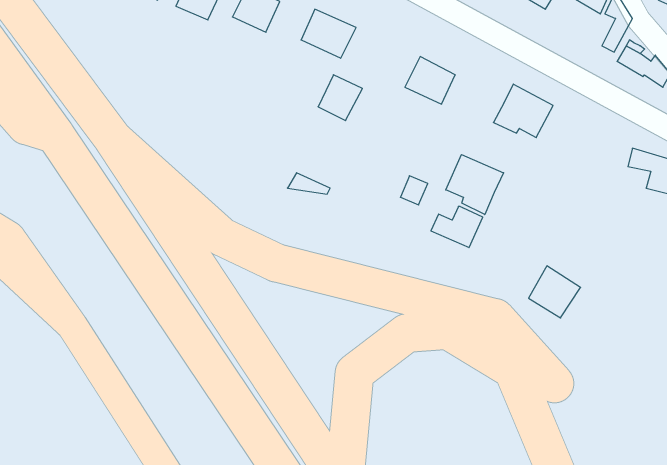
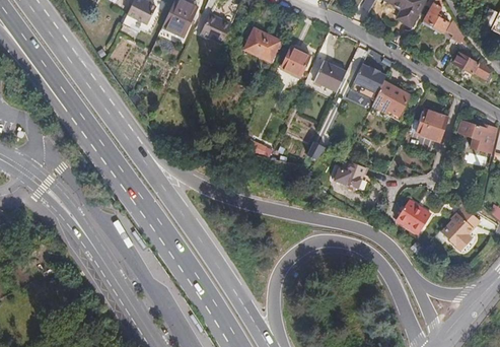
building: none -> [355,61,388,90]
building: [318,75,362,121] -> [281,46,310,76]
building: none -> [417,109,446,136]
building: [446,155,504,215] -> none
building: none -> [442,206,481,250]

